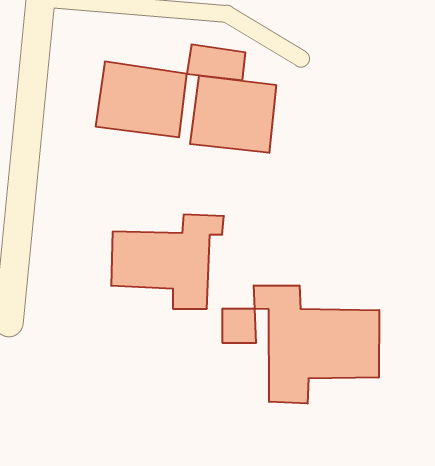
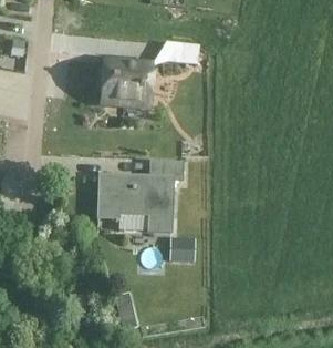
building: [190,75,276,153] -> none
building: [254,285,379,404] -> none

